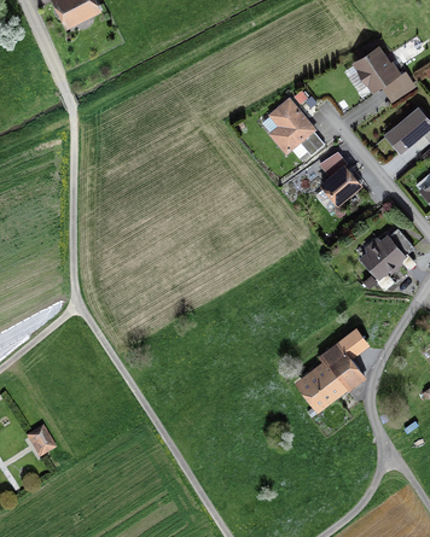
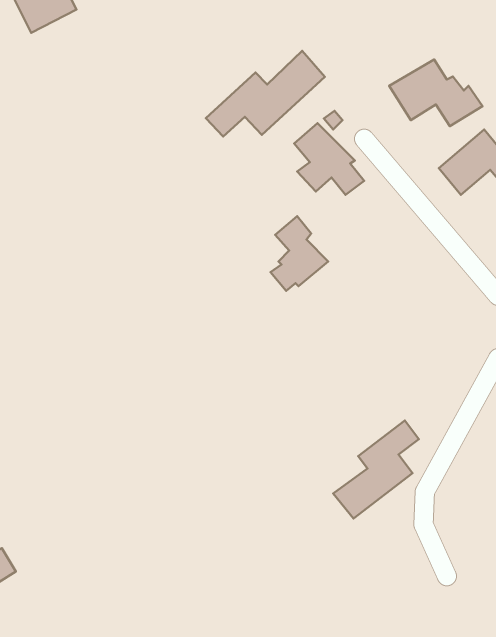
building: none -> [206,51,325,137]
building: [315,150,360,208] -> [271,216,328,291]
building: [361,228,416,290] -> none

